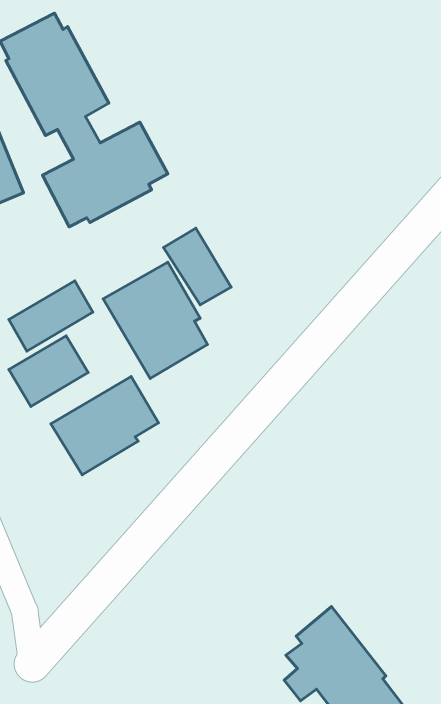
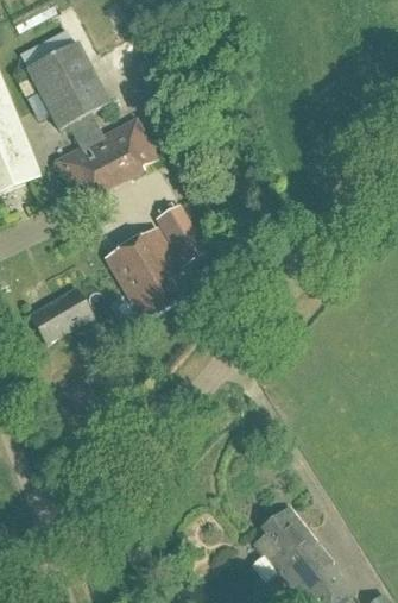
building: [9,281,93,351] -> none
building: [51,377,158,475] -> none

